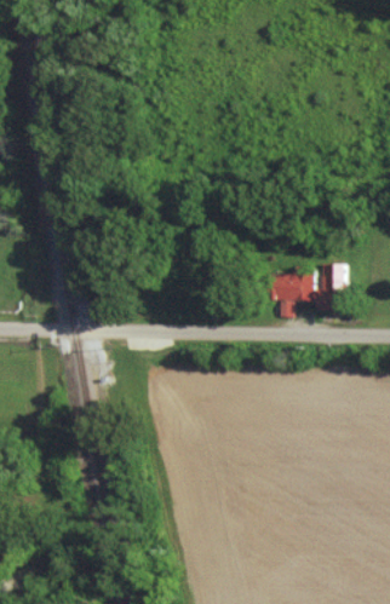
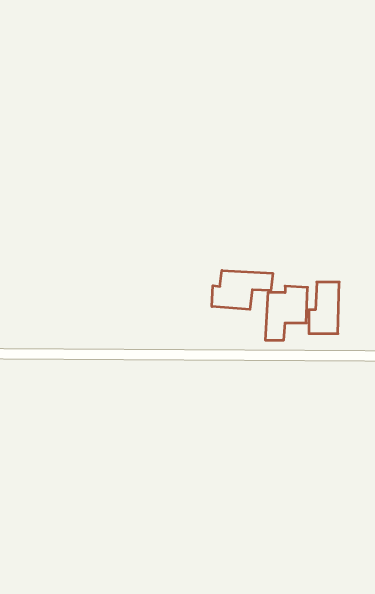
building: none -> [212,270,273,309]

